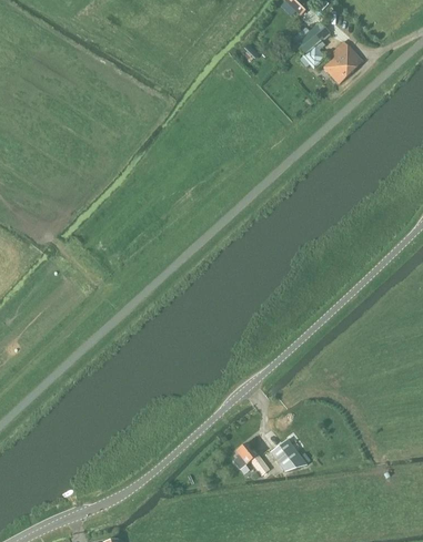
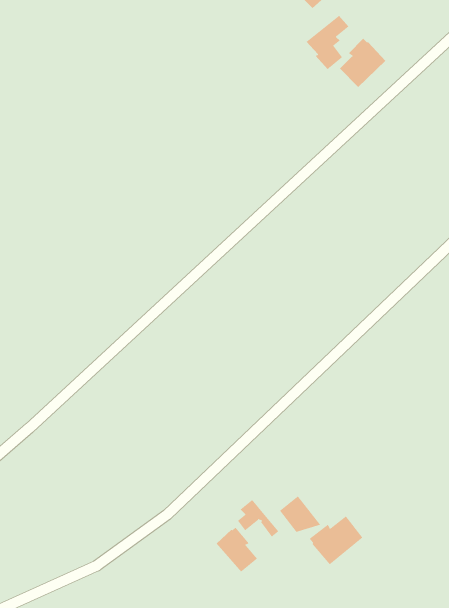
building: none -> [309,516,363,565]
building: none -> [216,527,258,573]

